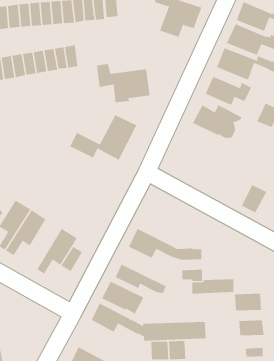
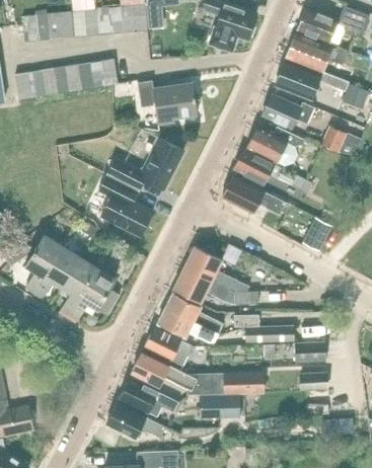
building: none -> [233,149,312,192]
building: none -> [98,174,153,236]
building: none -> [220,174,286,215]
building: none -> [183,246,249,291]
building: none -> [62,257,97,314]
building: none -> [165,293,223,333]
building: none -> [119,378,178,412]

